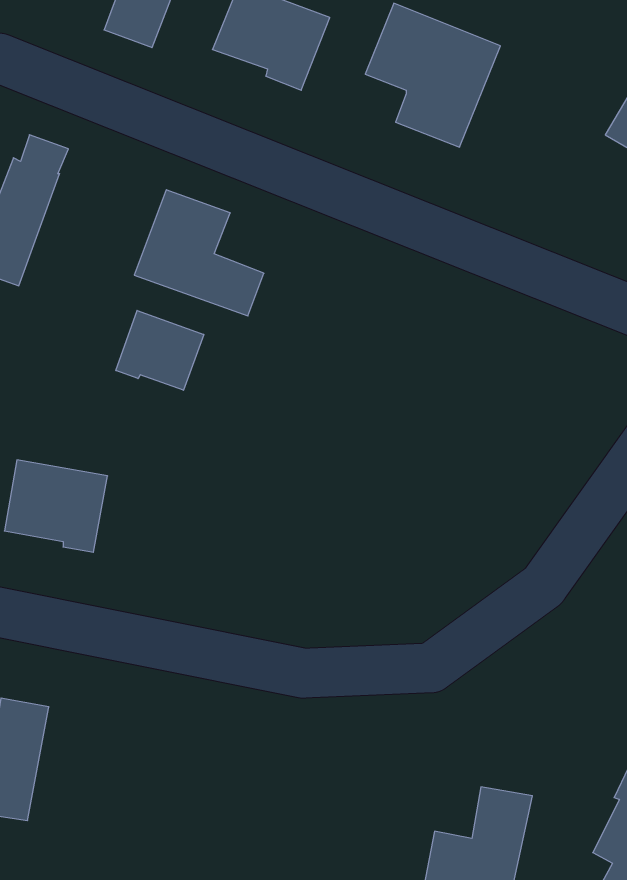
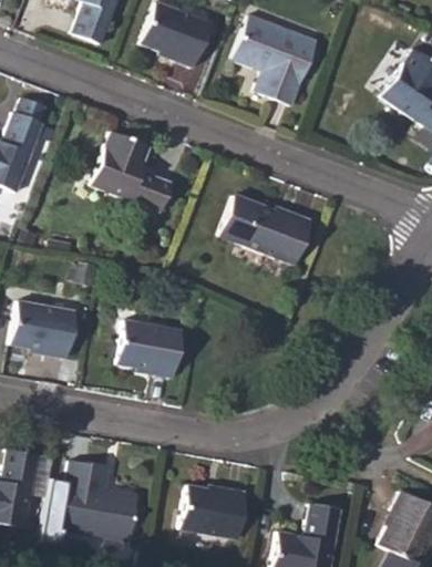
building: none -> [218,197,310,262]
building: [116,310,204,390] -> none
building: none -> [115,320,181,377]
building: none -> [58,461,137,540]
building: none -> [177,486,243,538]

